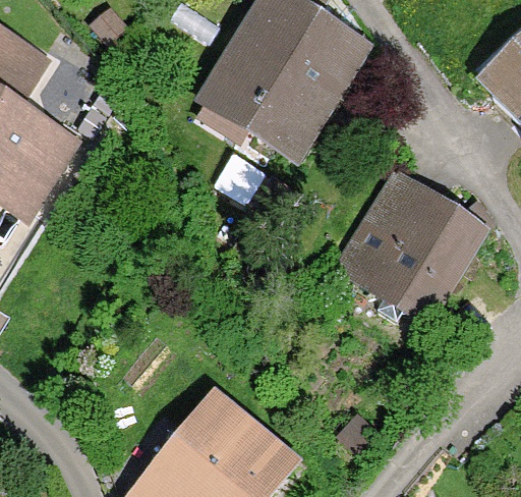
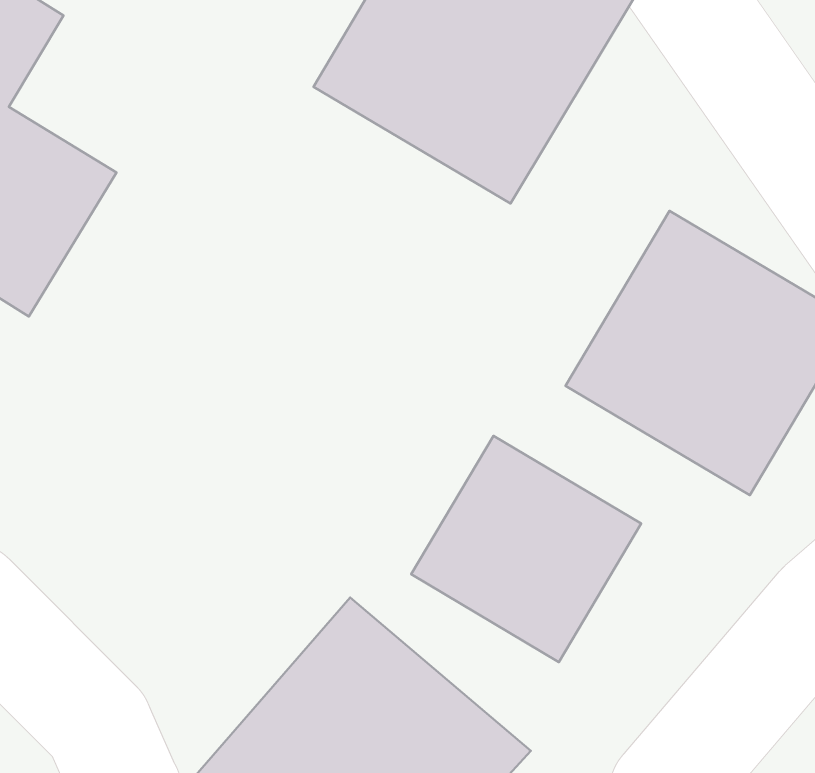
building: none -> [411,436,641,662]

